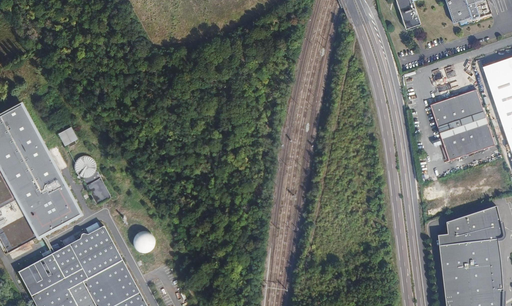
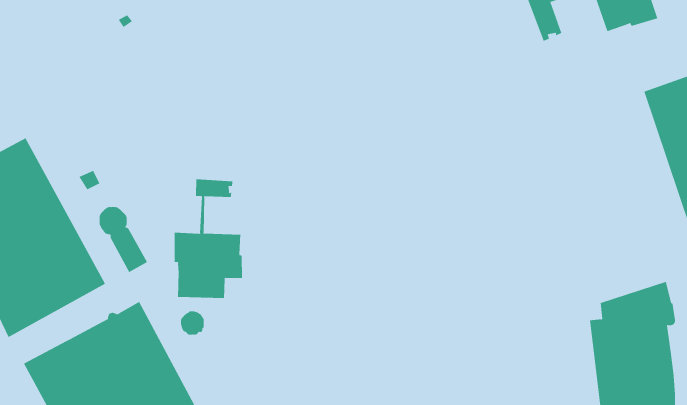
building: [427,93,491,163] -> none
building: none -> [174,178,242,299]

